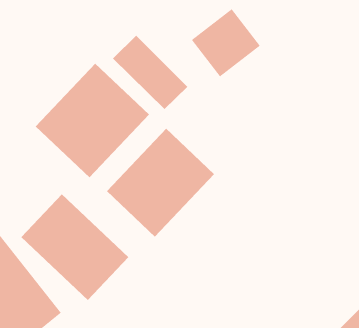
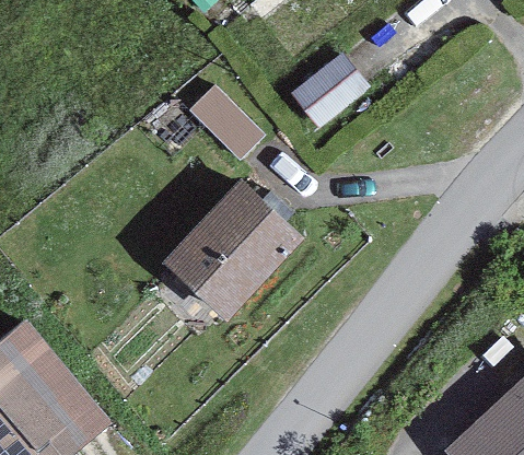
building: [35,63,150,178] -> none
building: [21,193,129,301] -> none

